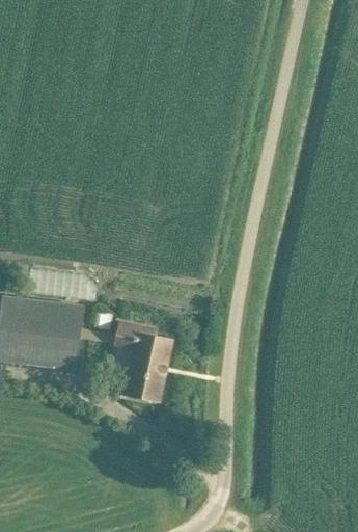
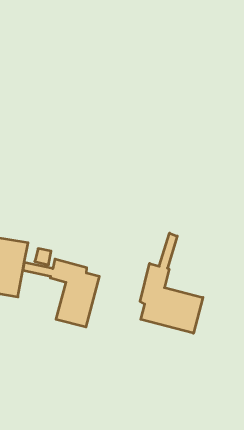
building: none -> [140,233,203,333]

